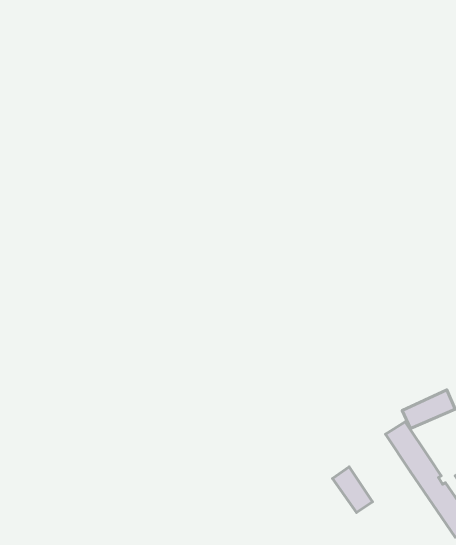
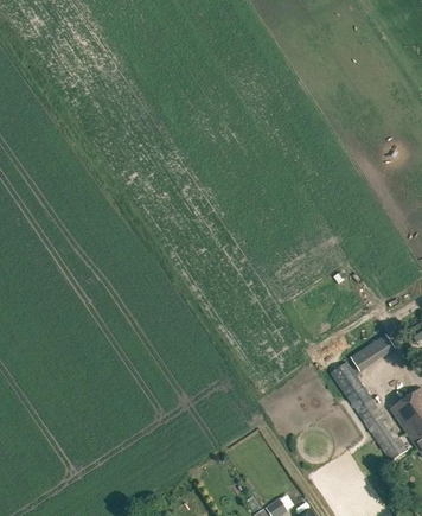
building: [333,467,373,513] -> none

